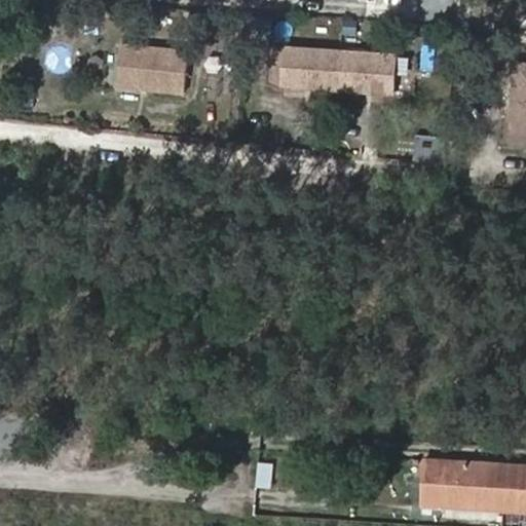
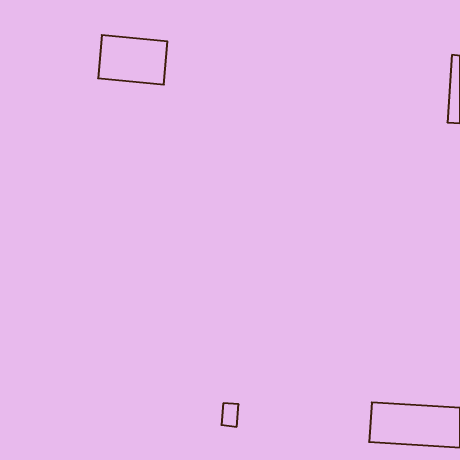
building: [272,45,401,100] -> none

